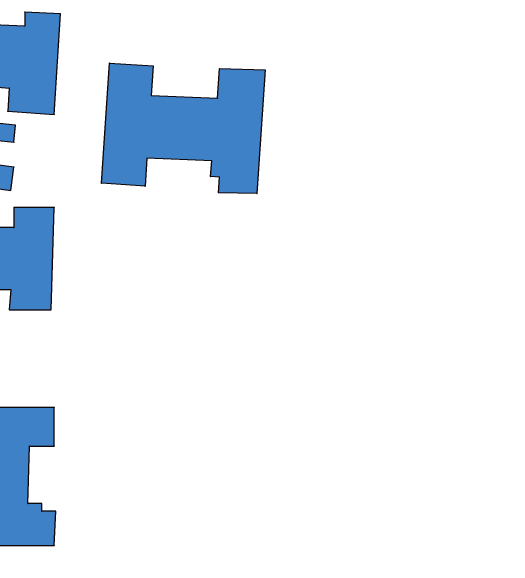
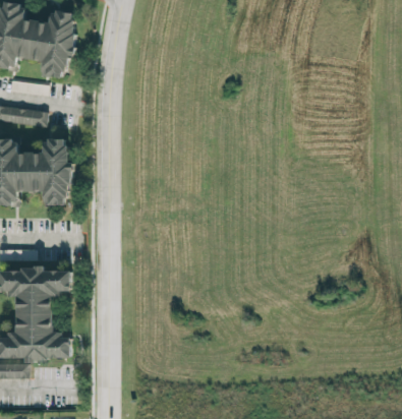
building: [101,63,265,194] -> none

